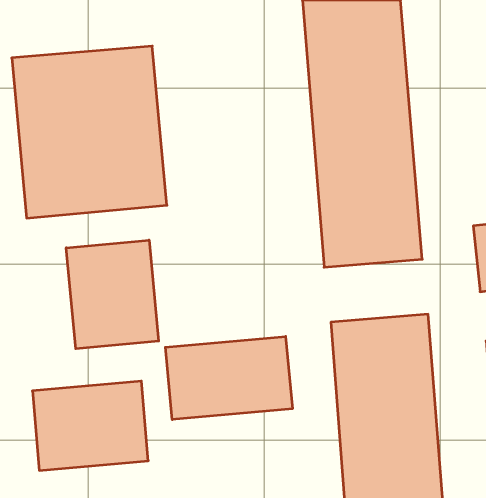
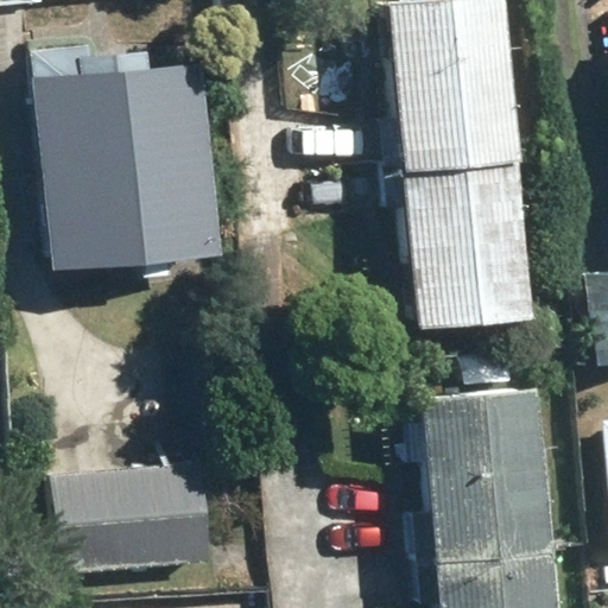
building: [66,240,159,349] -> none
building: [165,336,292,420] -> none

